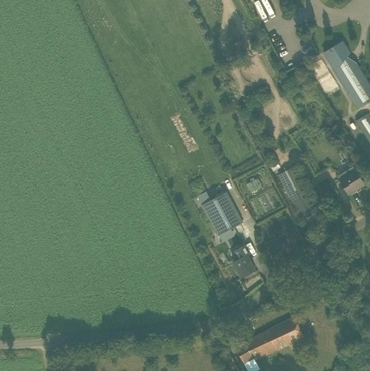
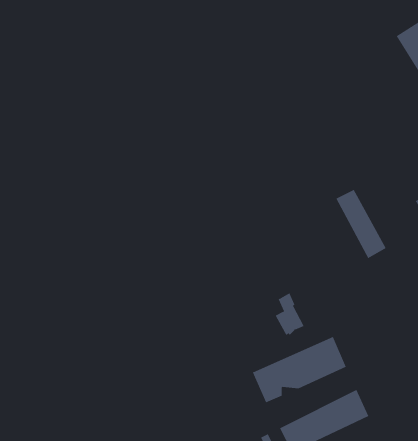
building: [202,191,243,235] -> none
building: none -> [252,336,347,403]

